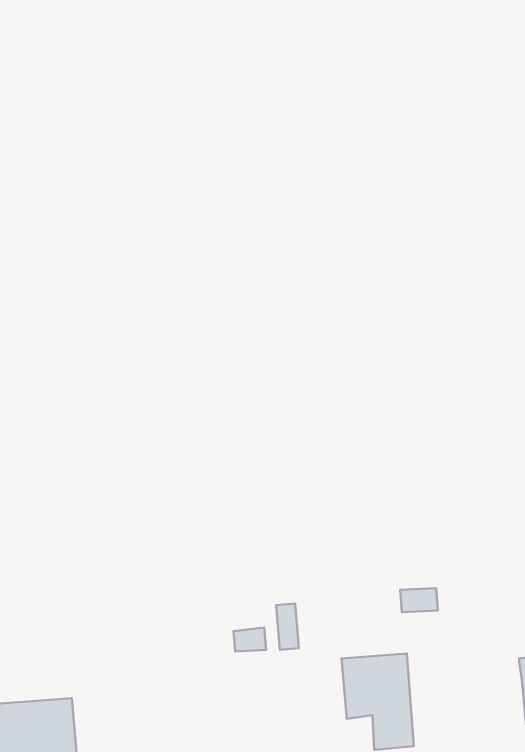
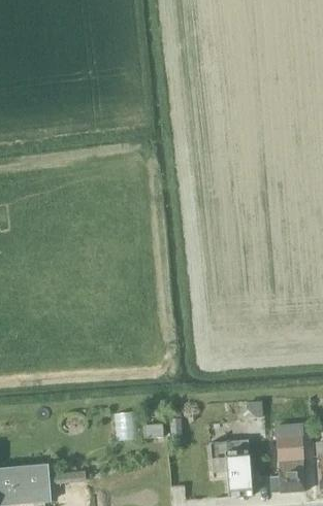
building: none -> [276,433,306,492]

